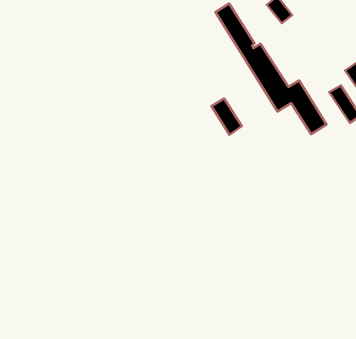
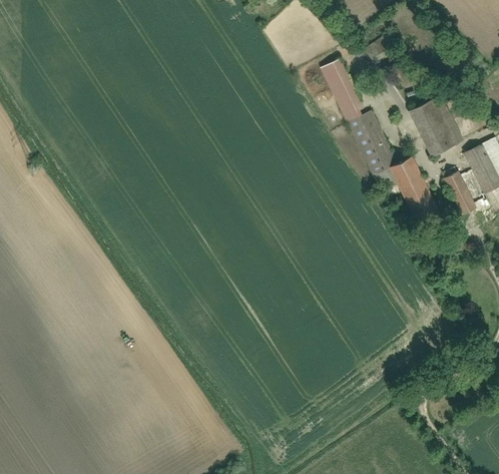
building: none -> [411,93,465,154]
building: [212,99,242,135] -> none

